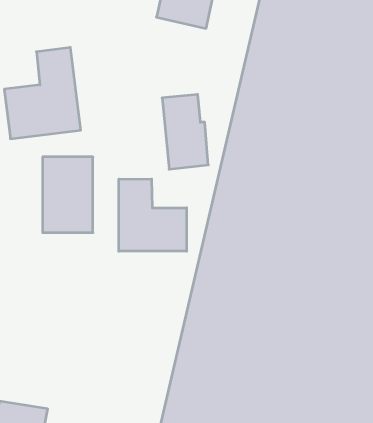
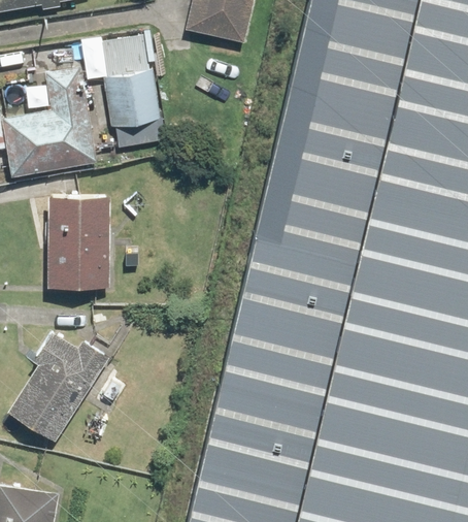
building: [162,94,208,169] -> [103,37,158,126]
building: [119,179,187,251] -> none
building: none -> [9,329,113,442]

